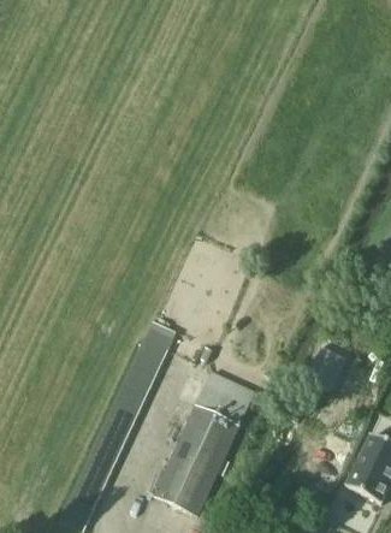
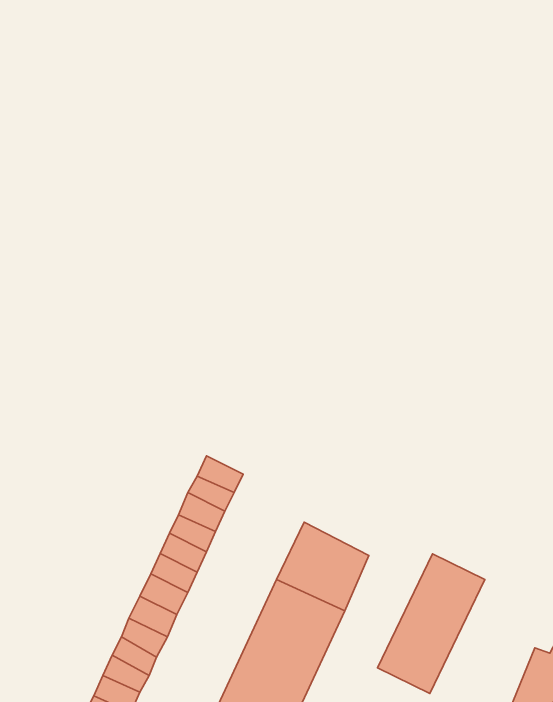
building: none -> [378,554,485,693]

